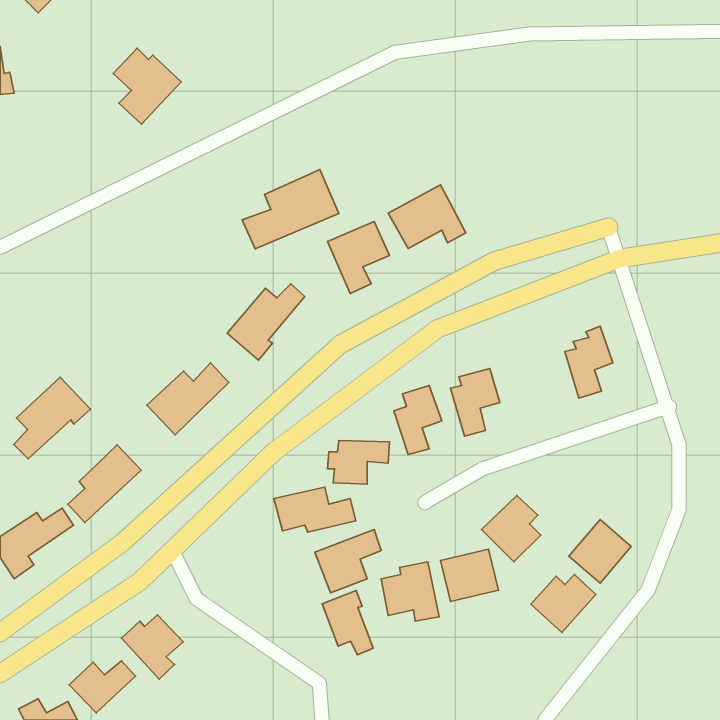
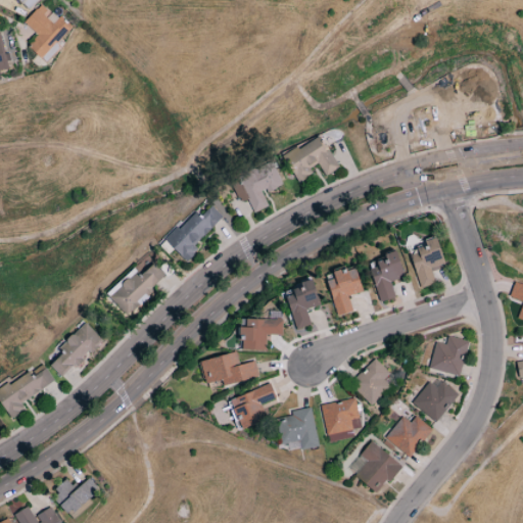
building: [113,48,181,124] -> [23,4,73,59]
building: [242,170,339,249] -> none
building: none -> [369,250,405,301]
building: [14,377,90,459] -> none
building: none -> [429,335,469,376]
building: [322,590,373,655] -> none
building: none -> [350,440,402,492]
building: [122,615,183,679] -> none

